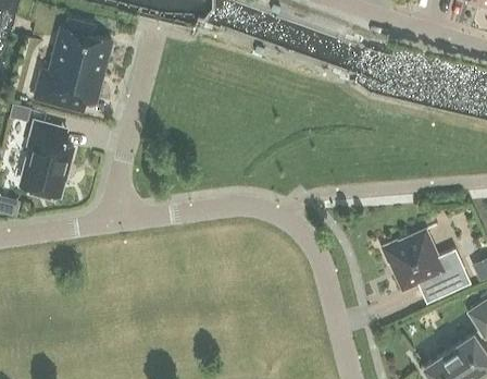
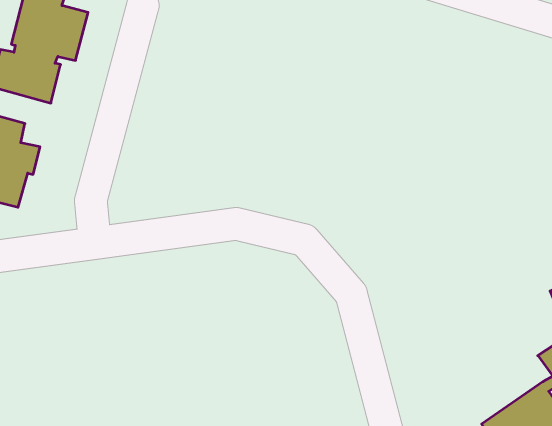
building: [380,231,471,299] -> none

